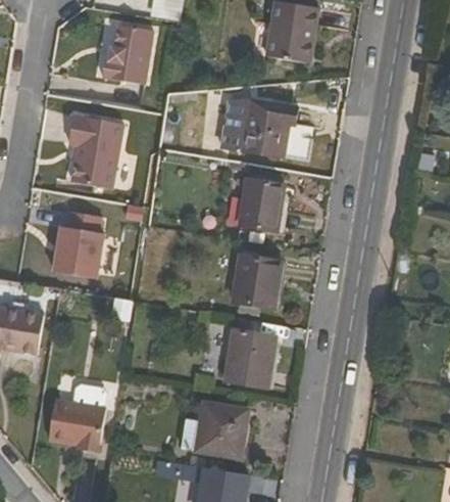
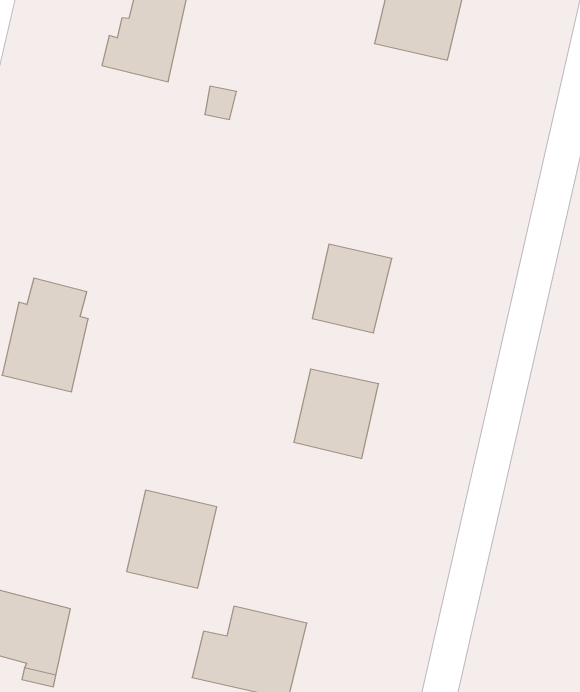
building: [221,98,298,153] -> none
building: [68,116,123,188] -> none
building: [224,328,277,385] -> [127,490,217,588]

